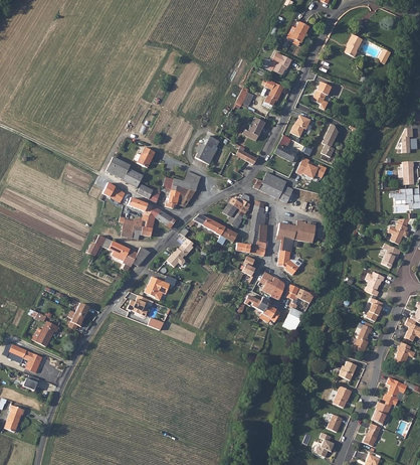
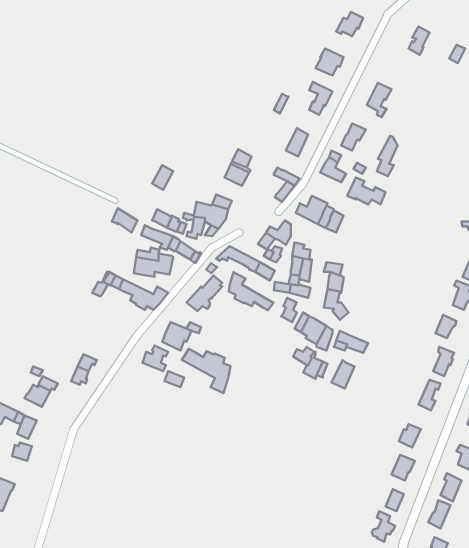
building: [106,157,142,187] -> none
building: [293,221,316,246] -> none
building: none -> [229,272,273,310]
building: none -> [182,349,230,393]

